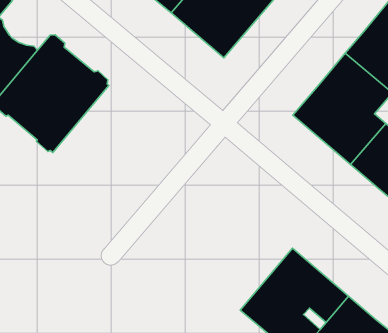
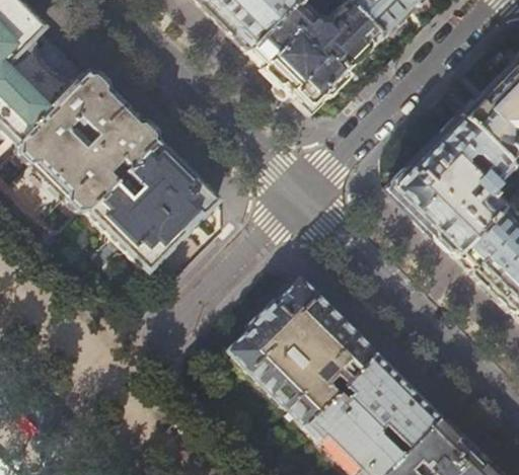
building: none -> [86,133,222,270]
building: none -> [227,278,374,424]

